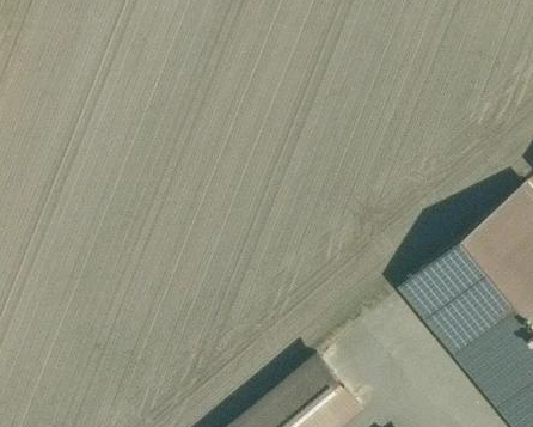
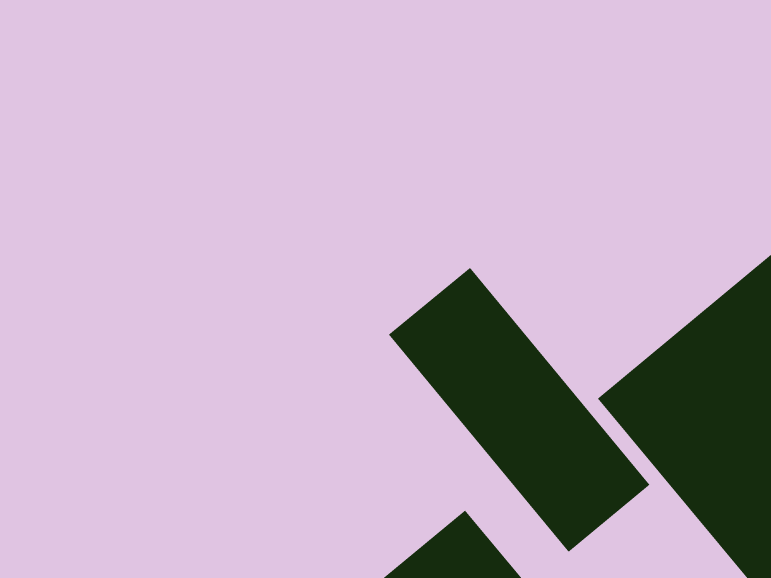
building: none -> [388,267,651,553]

